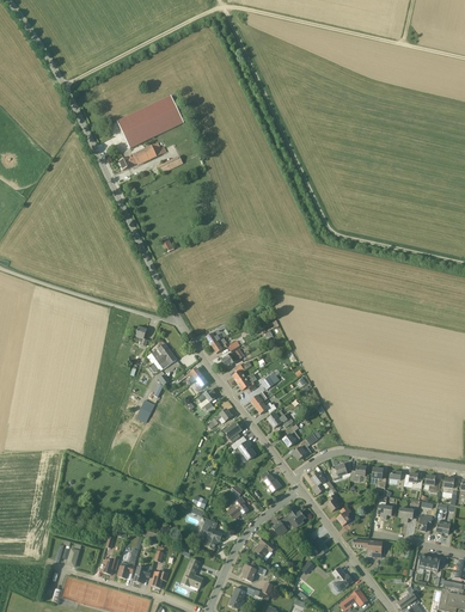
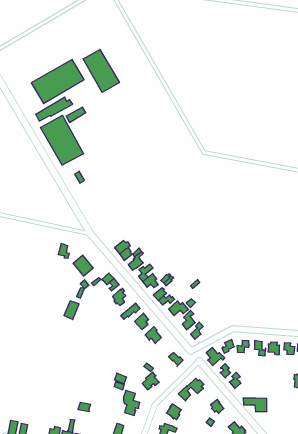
building: none -> [83,49,119,92]
building: none -> [40,115,83,165]

